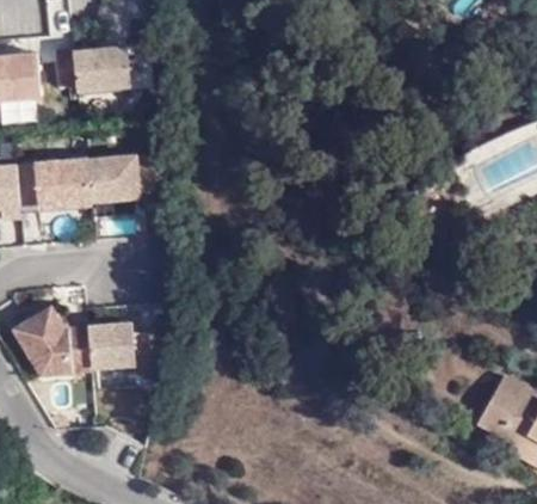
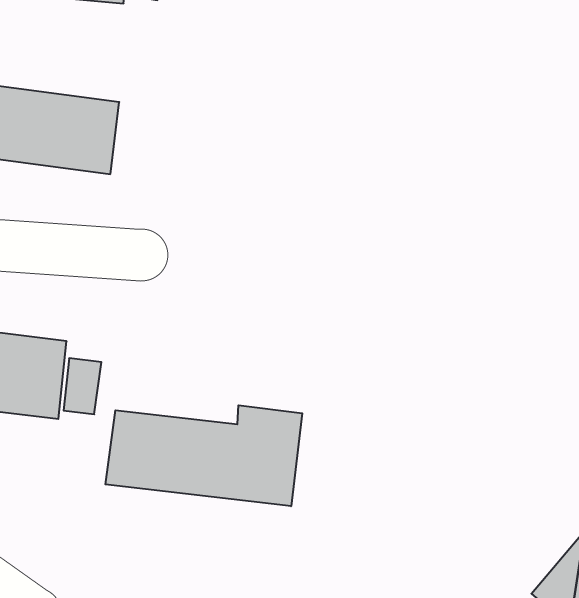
building: none -> [105,405,302,506]

